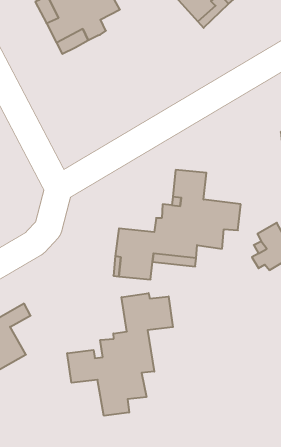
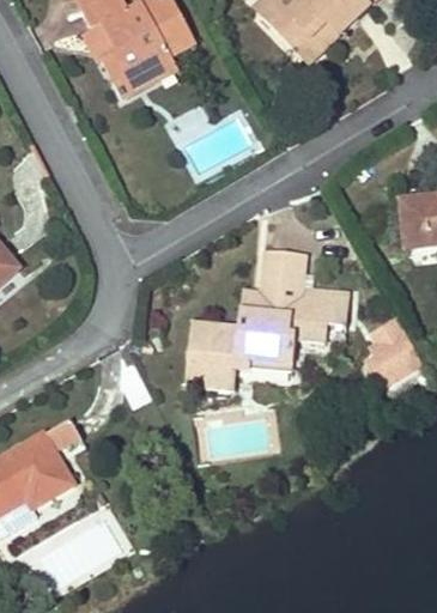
building: [67,293,173,416] -> none

